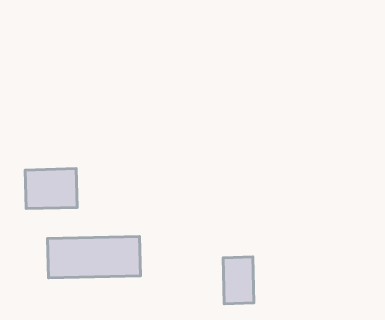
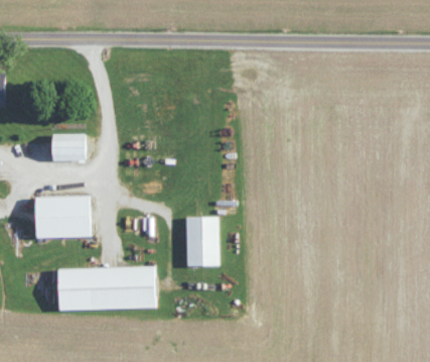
building: none -> [51,134,85,161]
building: [223,257,254,304] -> [185,217,218,266]

